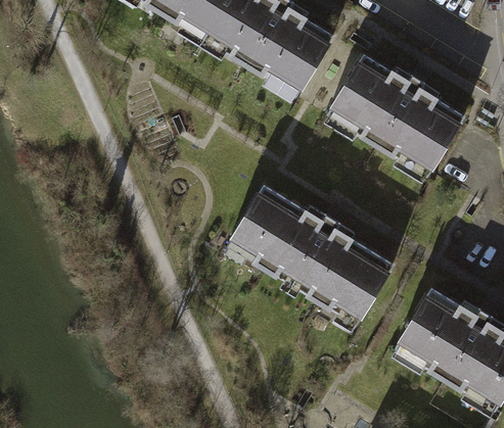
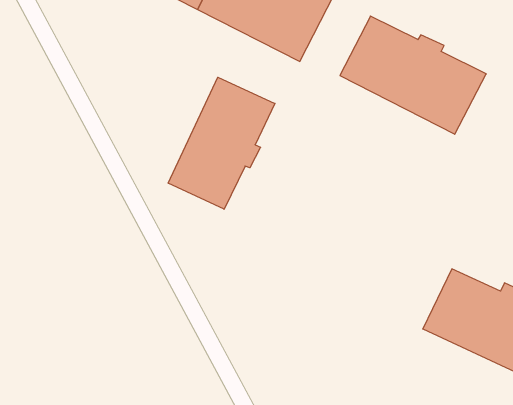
building: none -> [168,77,275,209]
building: [226,191,388,320] -> none

